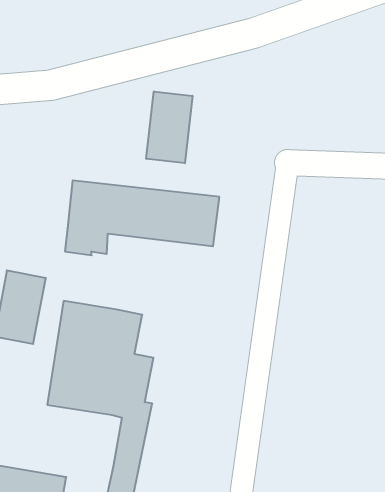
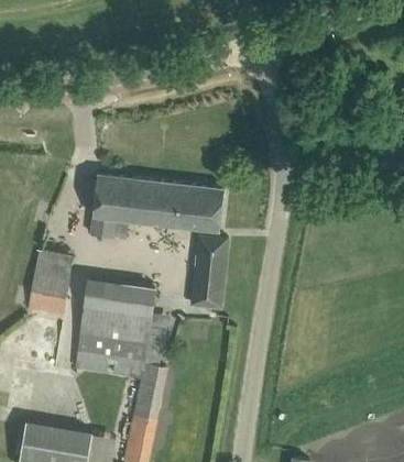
building: [146,91,192,163] -> none
building: none -> [190,237,228,309]

